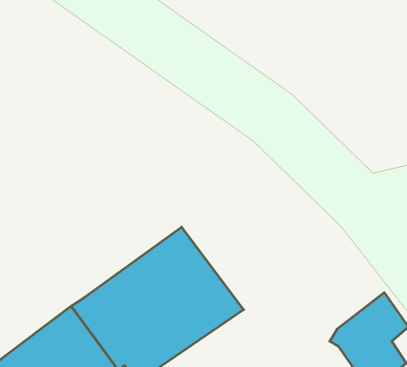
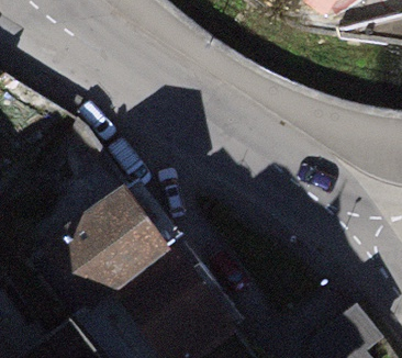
building: none -> [35,166,167,288]

